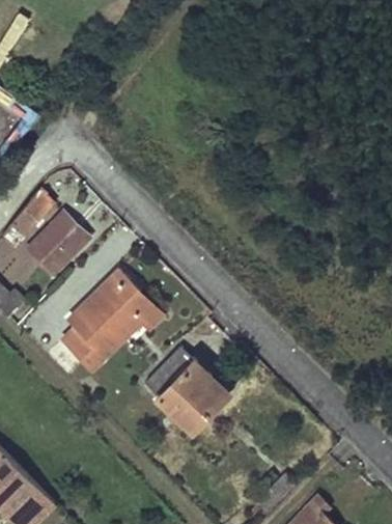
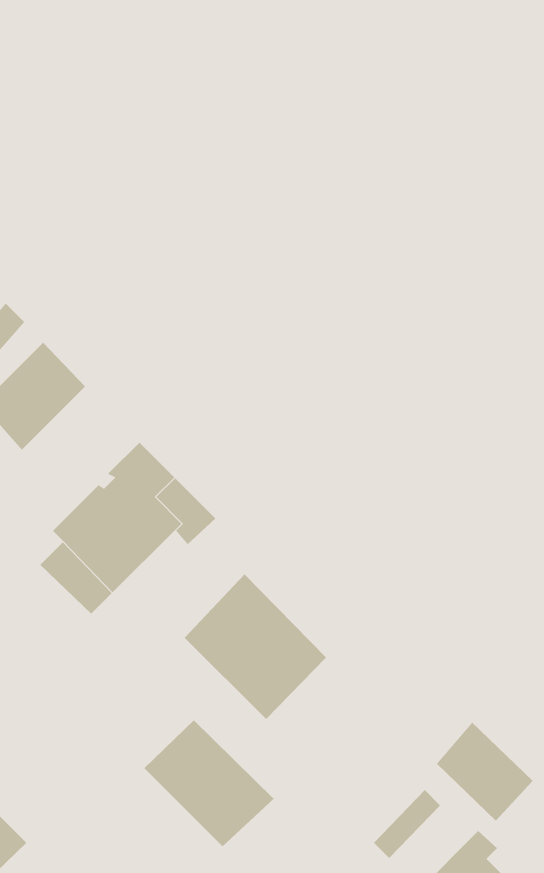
building: none -> [144,720,274,847]
building: none -> [436,722,533,821]

